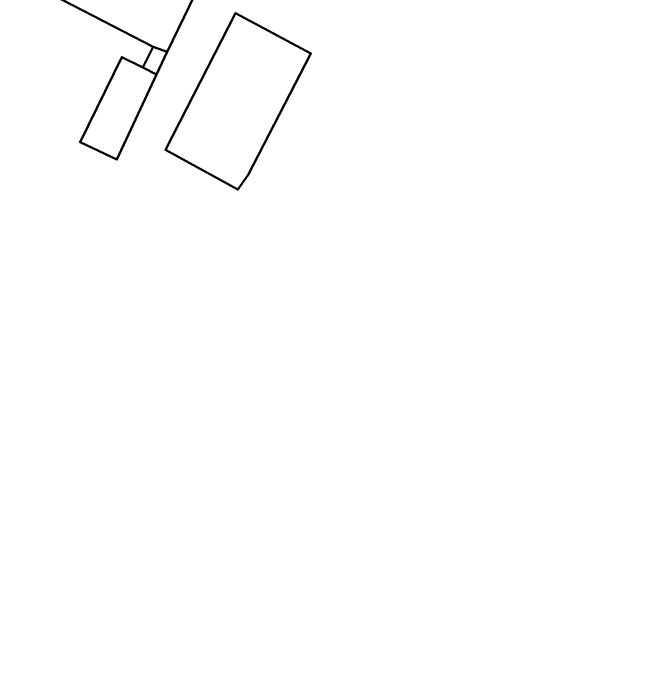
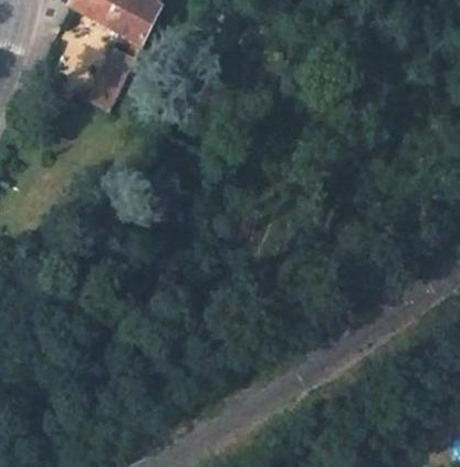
building: [166,13,311,190] -> none

